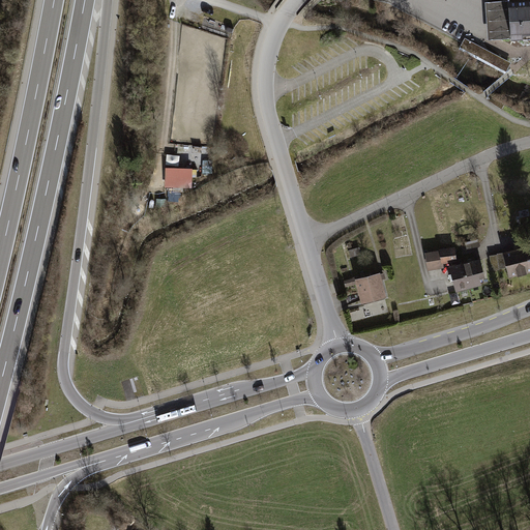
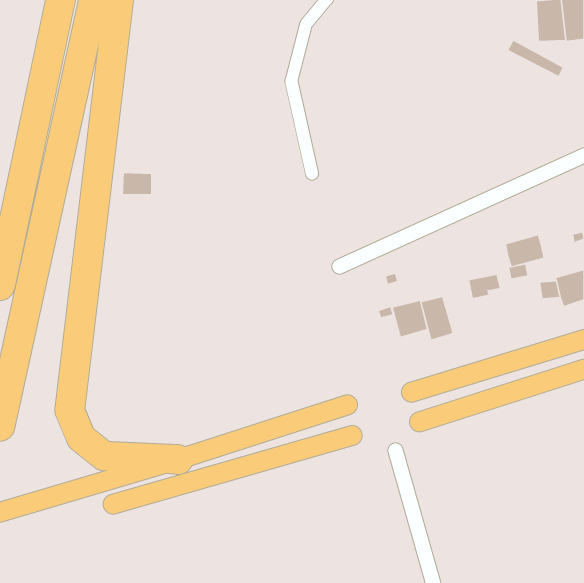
building: [166,167,193,186] -> [122,173,152,195]
building: [450,260,485,289] -> [505,235,544,267]
building: none -> [421,297,453,340]

